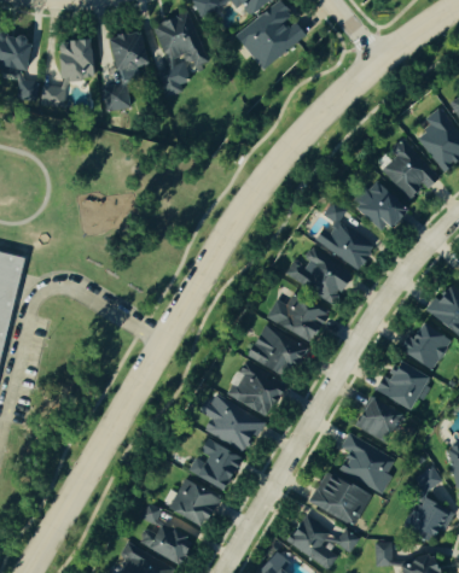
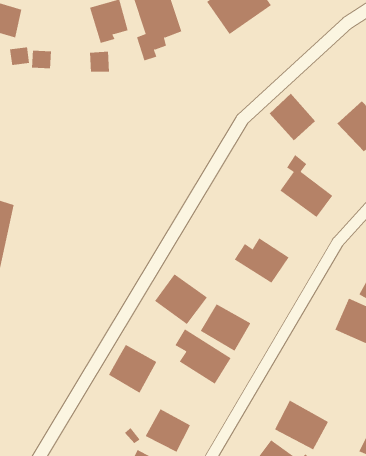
building: [52,39,93,80] -> none
building: [354,179,406,232] -> [269,93,316,141]
building: [286,250,353,303] -> none
building: [246,322,306,379] -> [154,273,208,325]
building: [355,397,400,440] -> none
building: [337,432,397,492] -> none
building: [188,438,243,492] -> [108,344,157,394]

